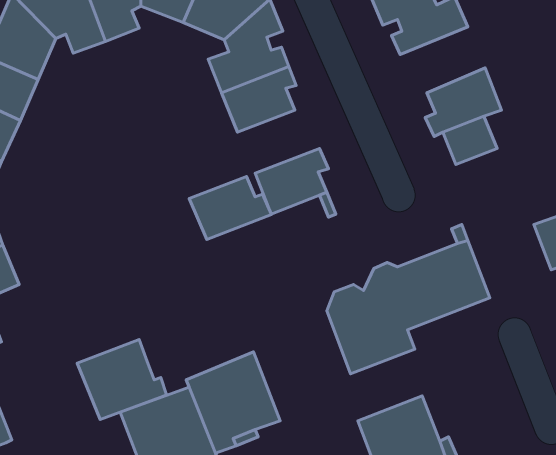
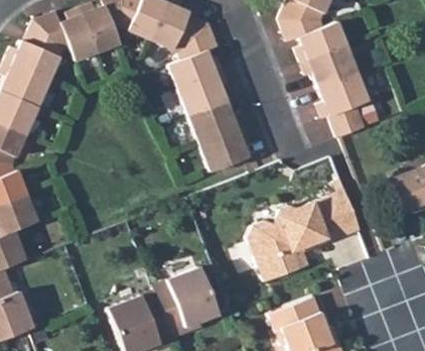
building: none -> [299,42,358,88]
building: [189,176,271,239] -> [187,100,244,143]
building: [77,339,167,419] -> none

